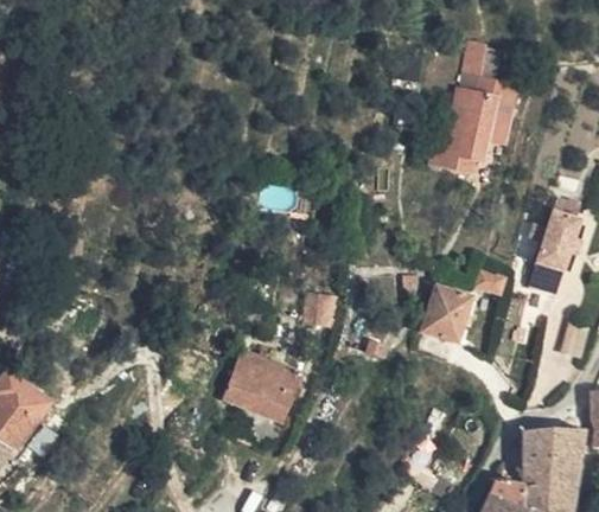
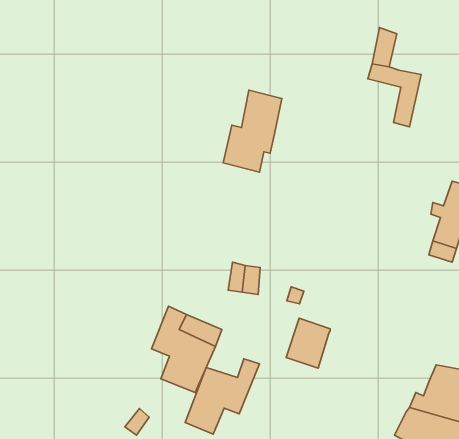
building: [433,92,498,184] -> [223,90,282,172]
building: [422,288,471,344] -> [286,318,330,368]
building: none -> [185,359,260,434]

